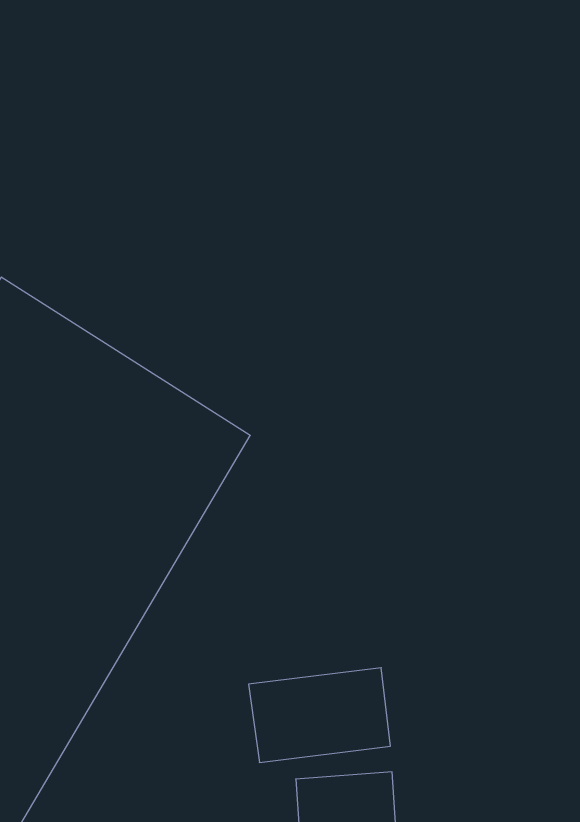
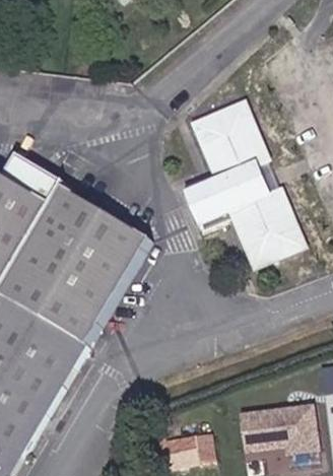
building: none -> [184,104,305,266]
building: [249,668,390,762] -> [241,401,320,454]

